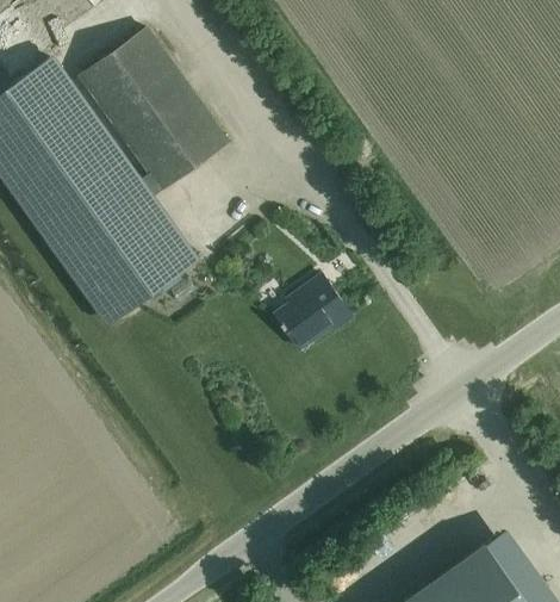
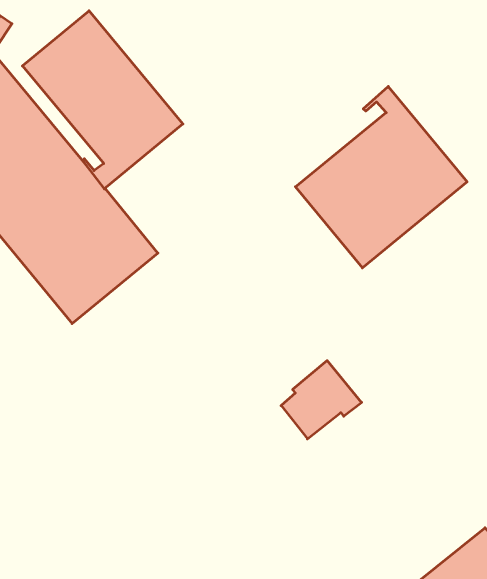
building: none -> [295,86,467,268]
building: [276,274,353,347] -> [281,361,362,439]

